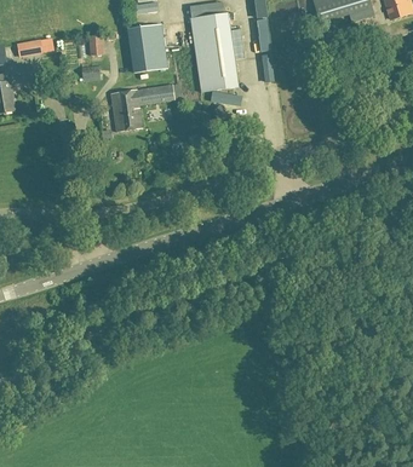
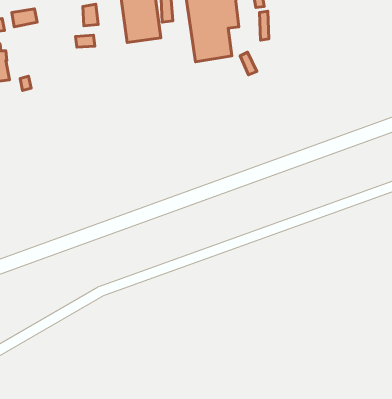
building: [110,83,174,132] -> none

